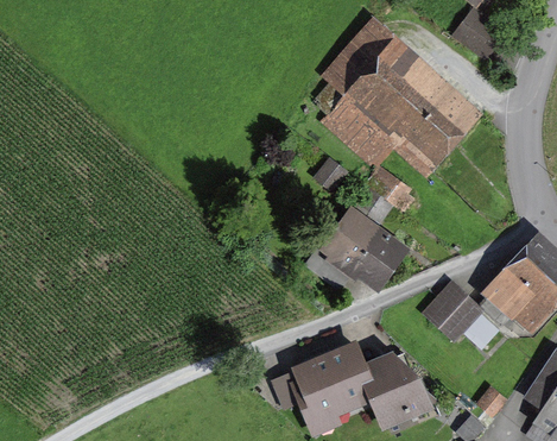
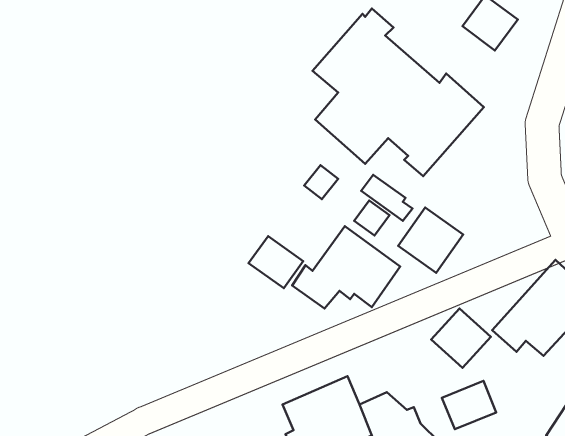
building: none -> [398,208,463,273]
building: none -> [248,236,303,288]
building: none -> [442,381,496,429]

